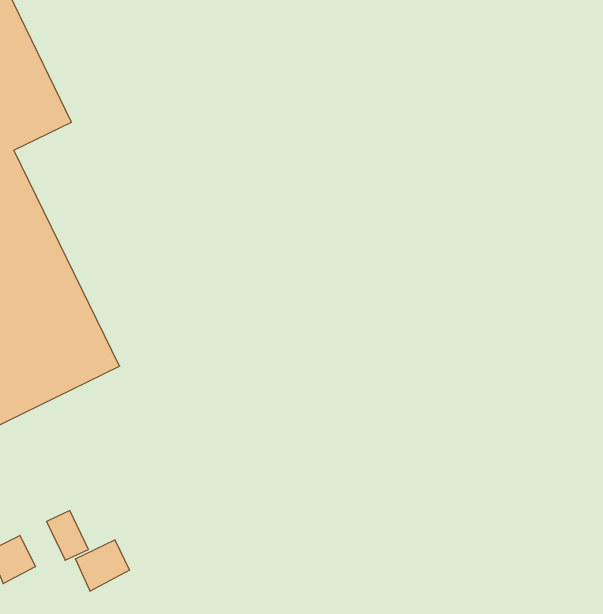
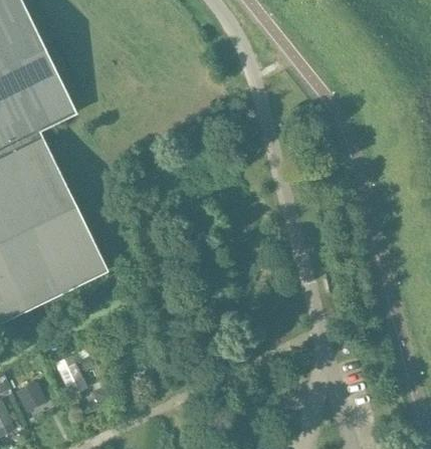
building: [75,540,129,591] -> none

